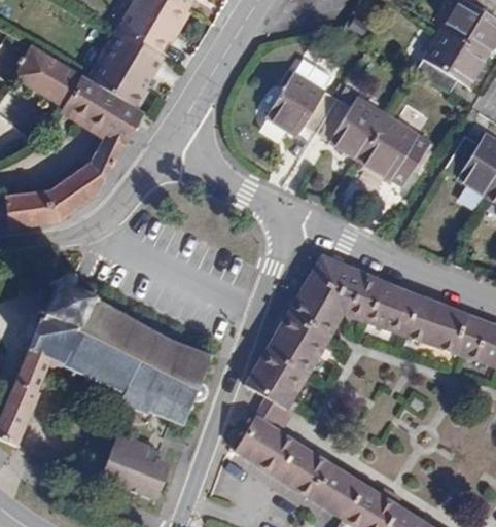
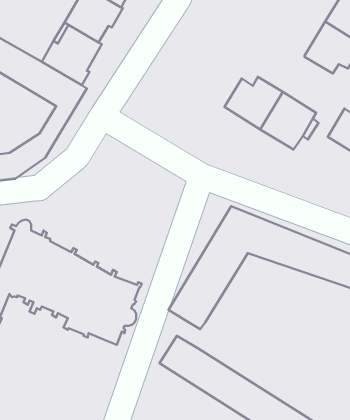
building: [264,60,336,137] -> none
building: [253,395,298,431] -> none
building: [101,434,170,500] -> none

